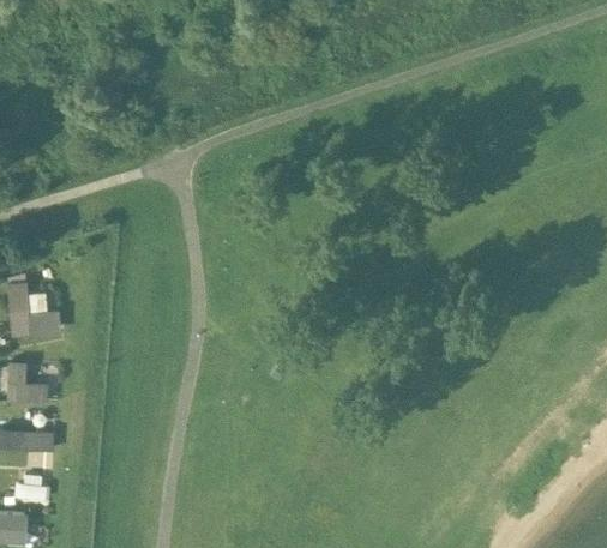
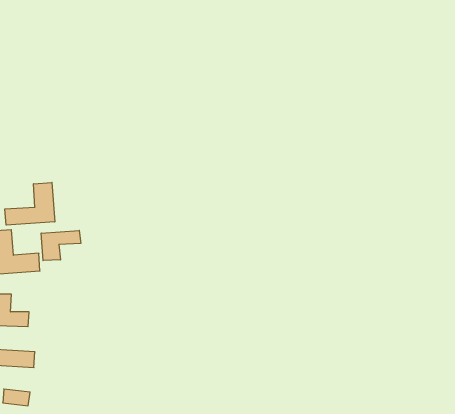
building: none -> [5,182,55,225]
building: none -> [41,230,81,261]

